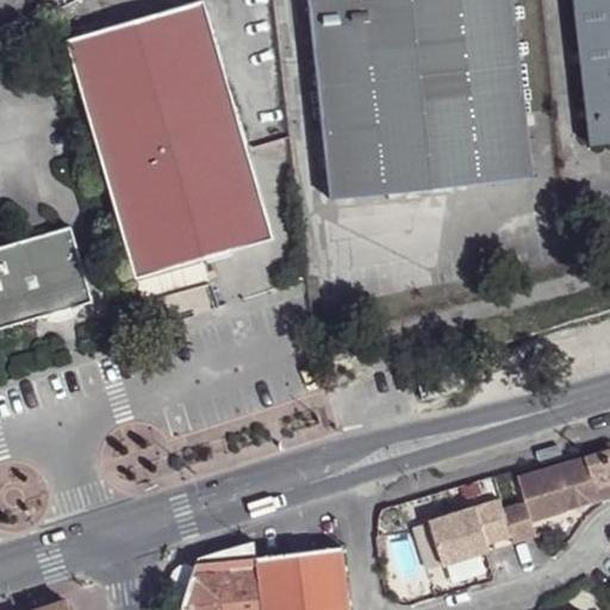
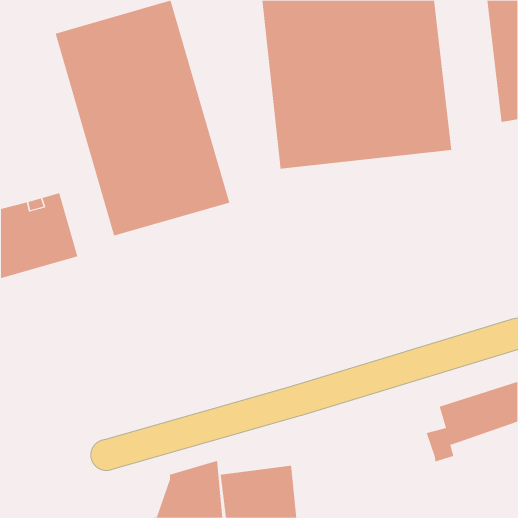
building: [428,500,510,565] -> none

